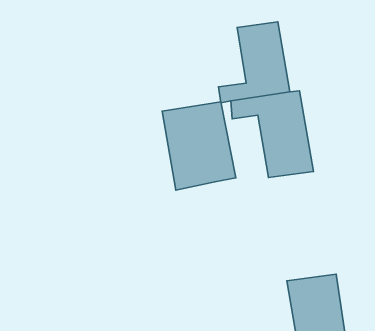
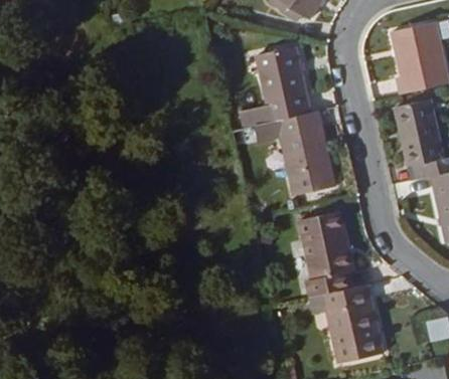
building: [162,102,236,190] -> none
building: none -> [298,212,354,297]

